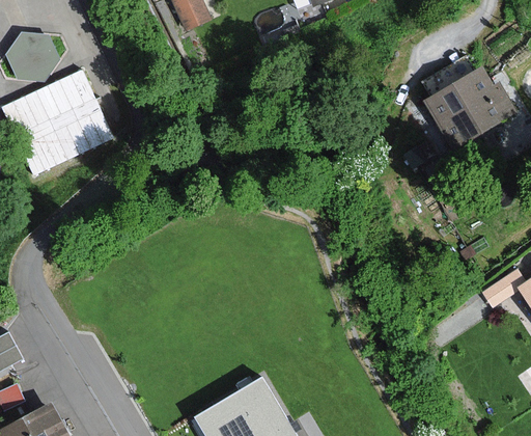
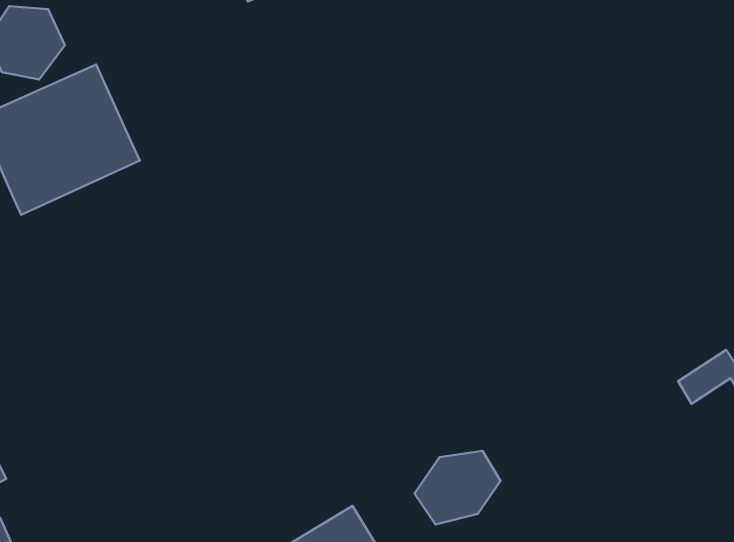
building: [426,67,515,146] -> none
building: none -> [414,451,501,524]

